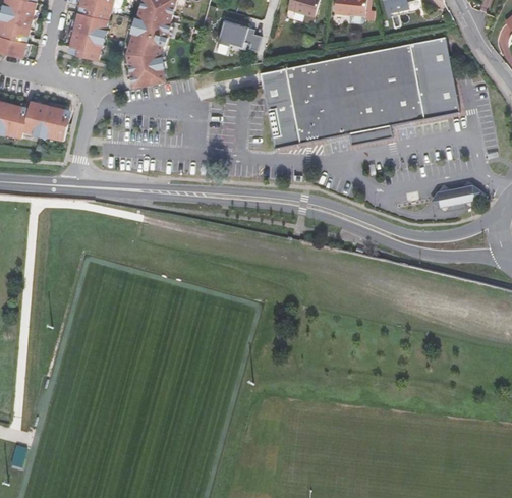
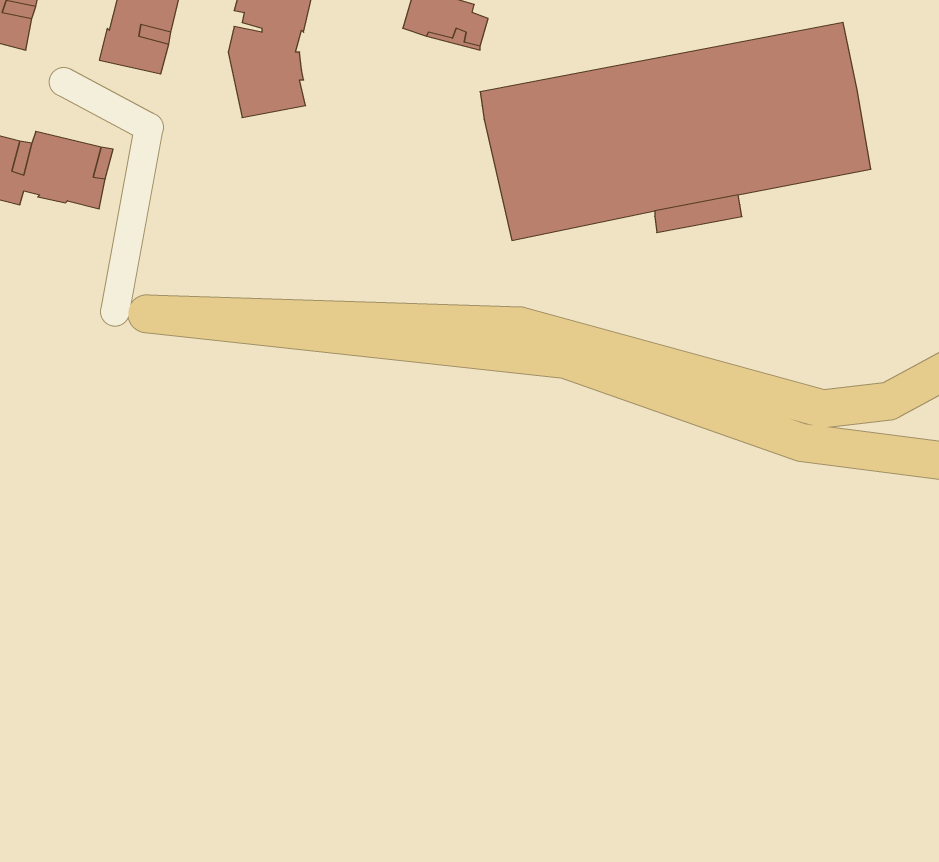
building: [432,184,480,207] -> none

